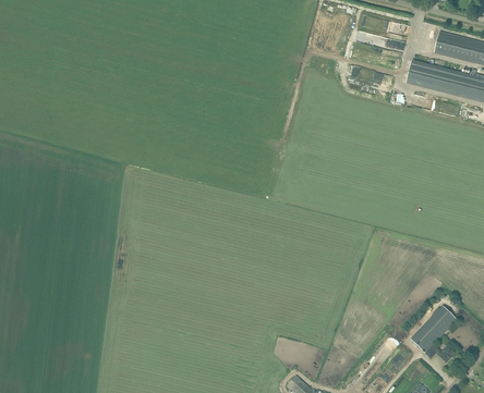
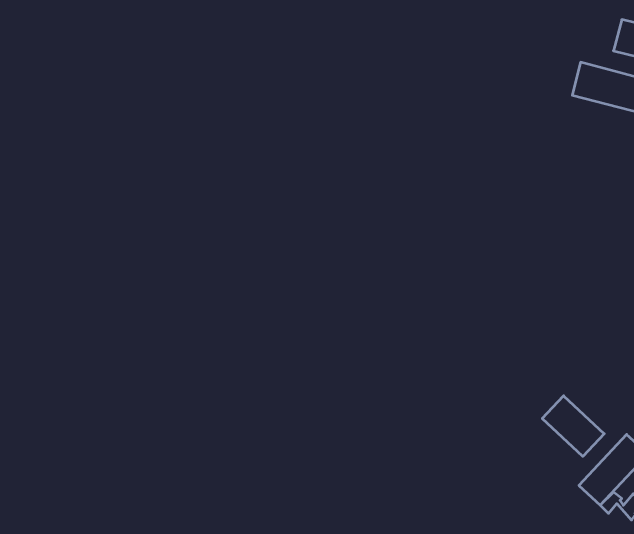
building: none -> [542,396,604,456]

